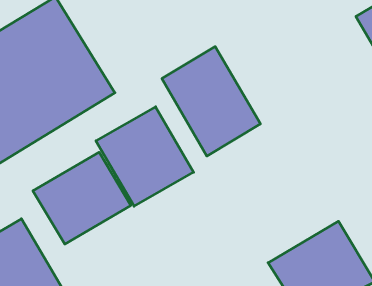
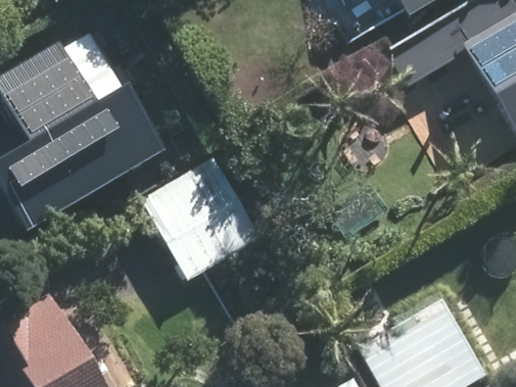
building: [162,47,260,156] -> none
building: [33,152,131,244] -> none

